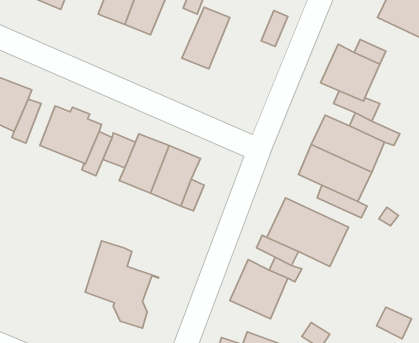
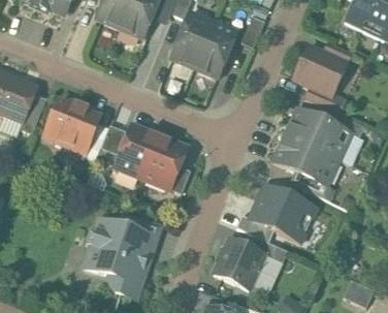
building: none -> [194,22,235,77]
building: none -> [119,215,158,252]

